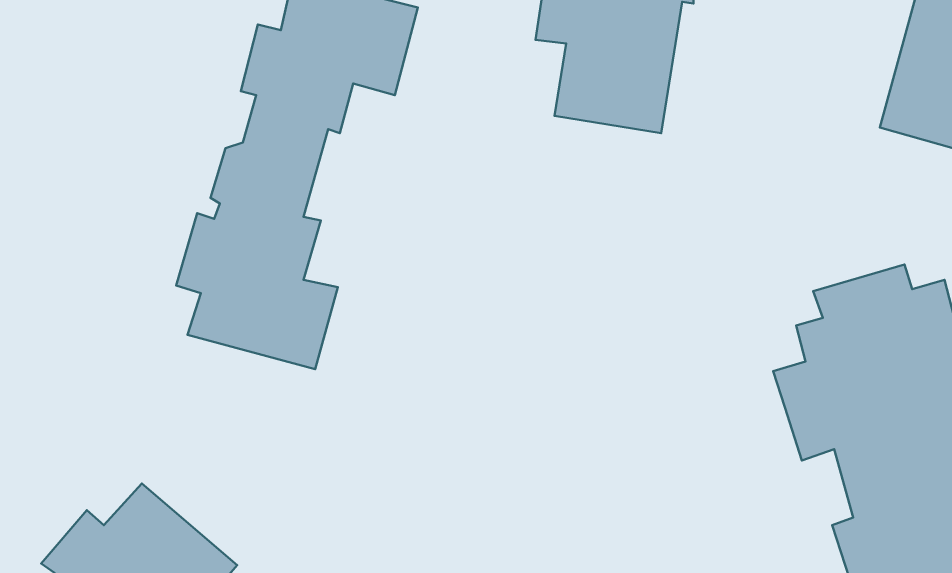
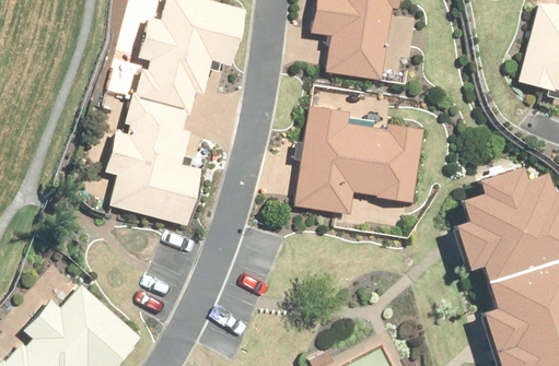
building: none -> [290,103,424,219]

